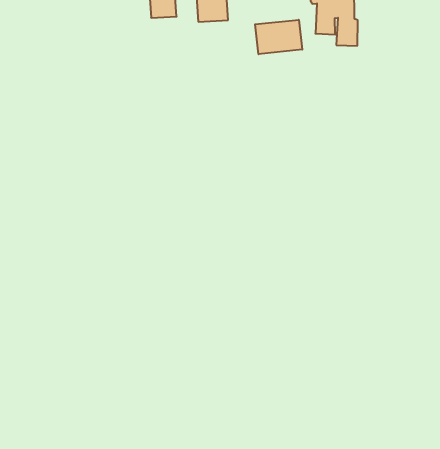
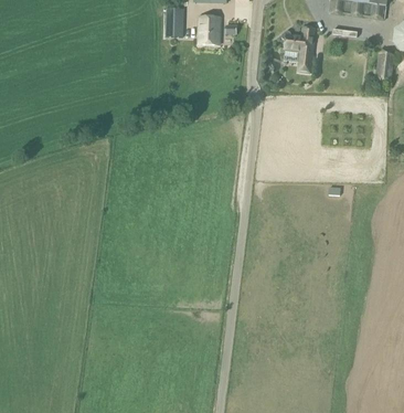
building: [255,20,302,54] -> none

